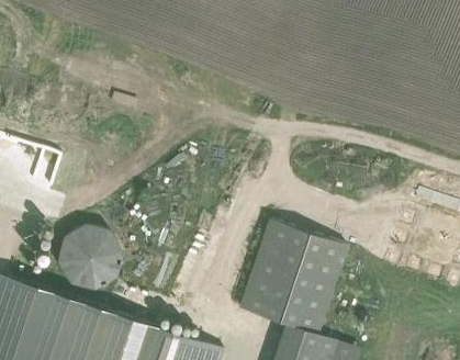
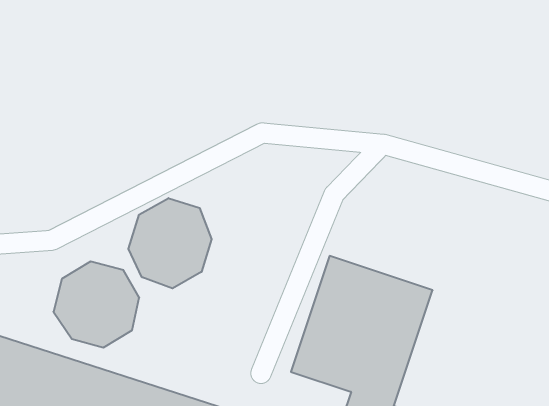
building: none -> [128,198,212,288]

